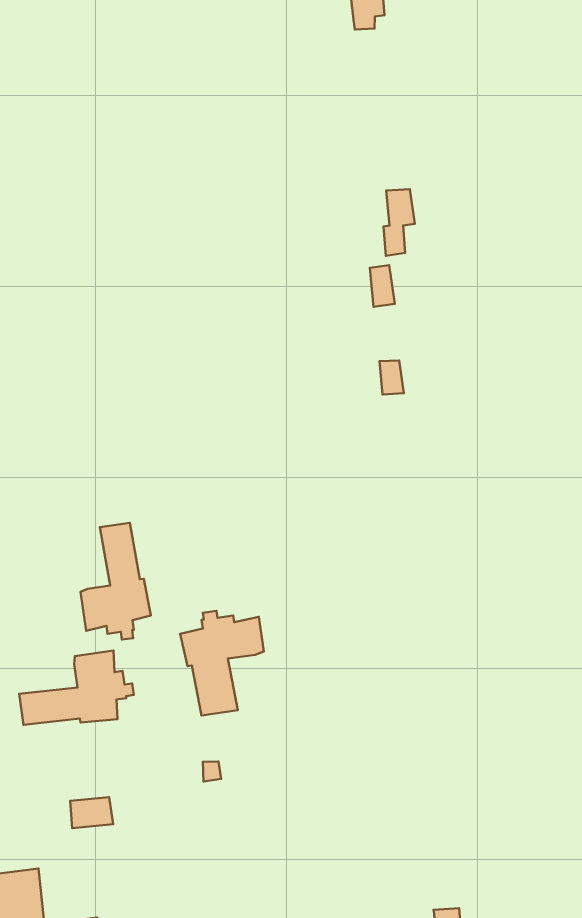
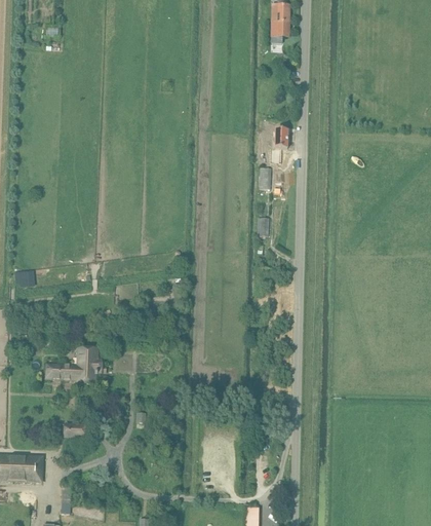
building: [80,523,151,640] -> none
building: [180,611,264,716] -> none

